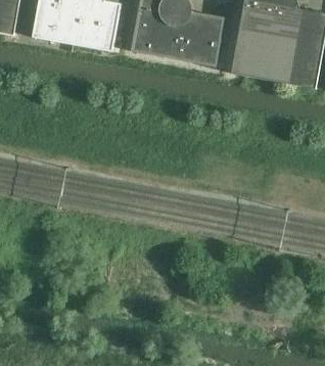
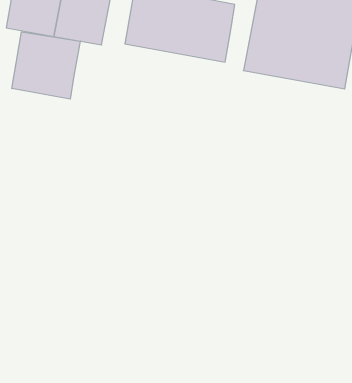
building: none -> [12,32,80,99]

